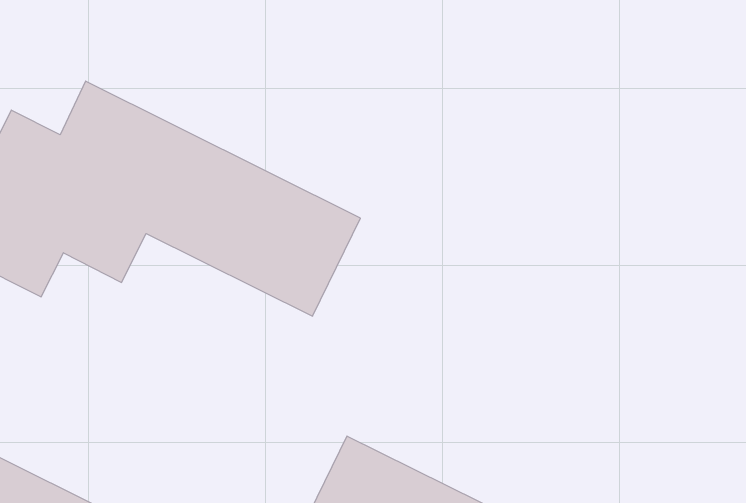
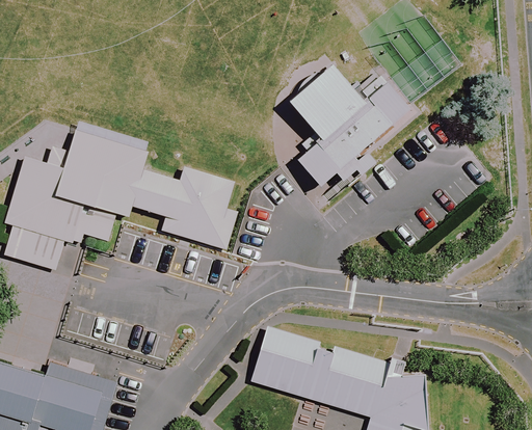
building: none -> [285,64,409,189]

